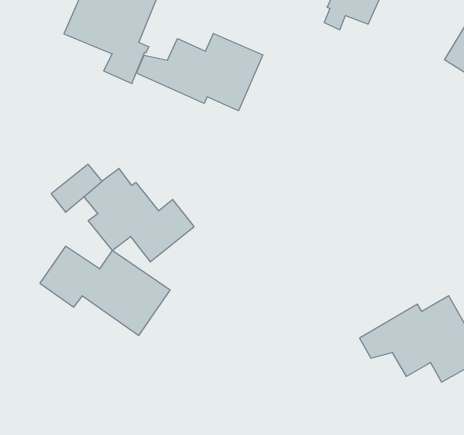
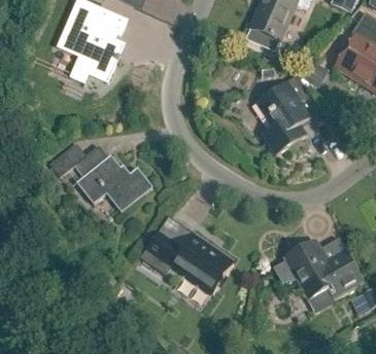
building: [136,33,263,111] -> none
building: none -> [255,74,322,154]
building: [40,246,170,335] -> [139,229,234,294]

